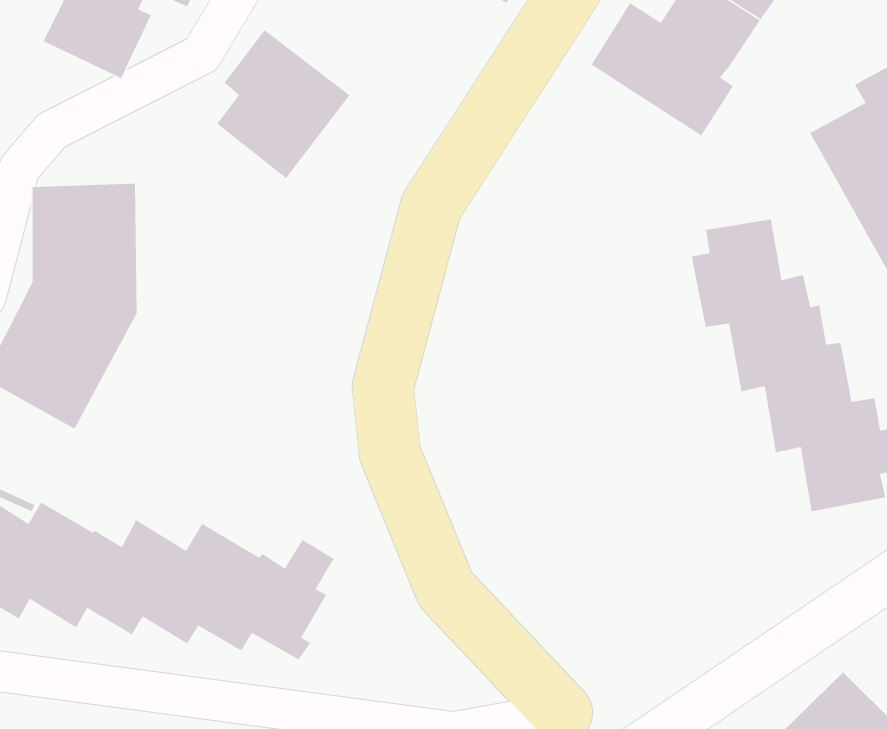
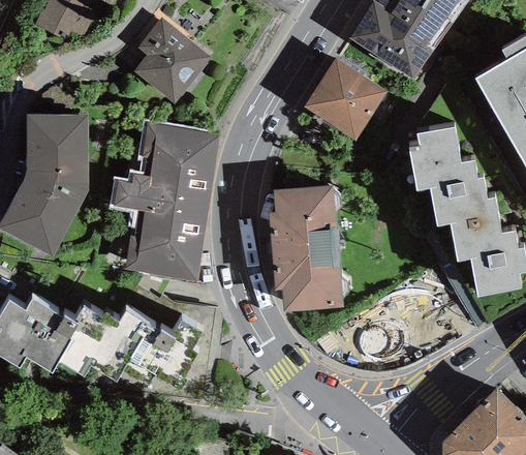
building: none -> [304,59,388,142]
building: none -> [109,120,218,282]
building: none -> [268,187,342,313]

